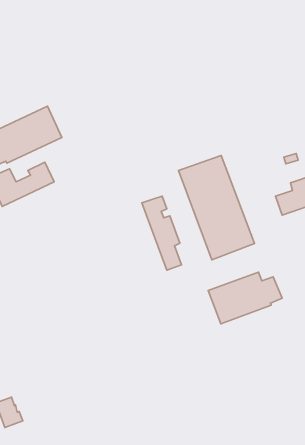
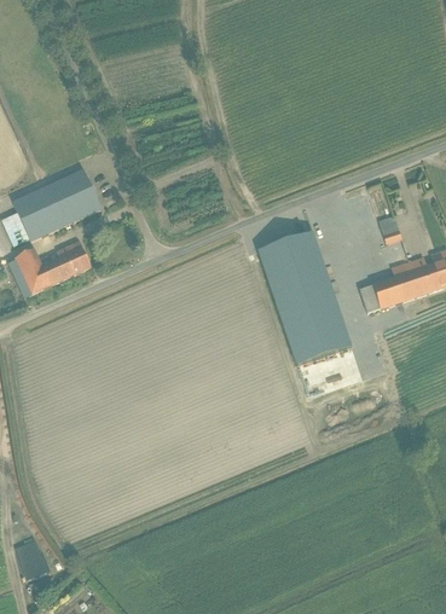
building: [142,196,182,270] -> none
building: [208,272,282,324] -> none

